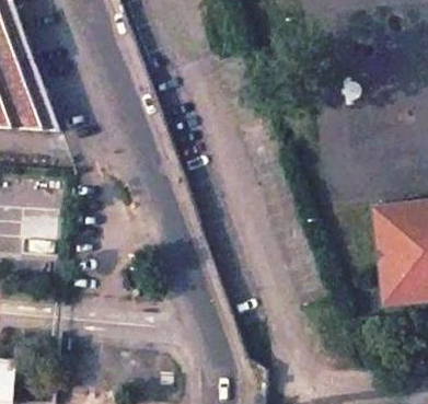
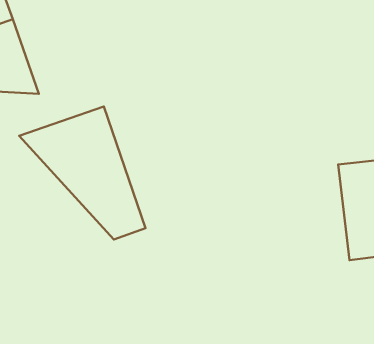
building: none -> [19,106,145,239]

